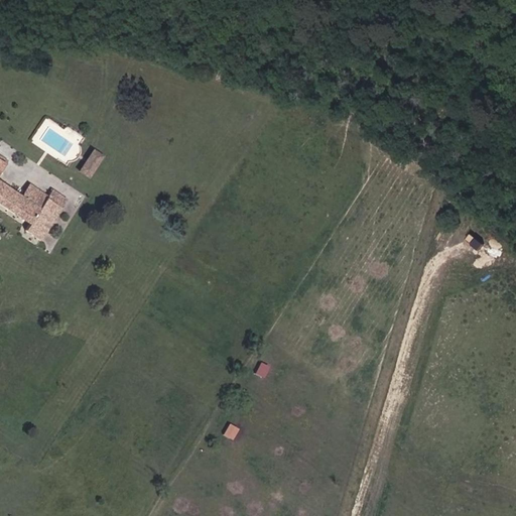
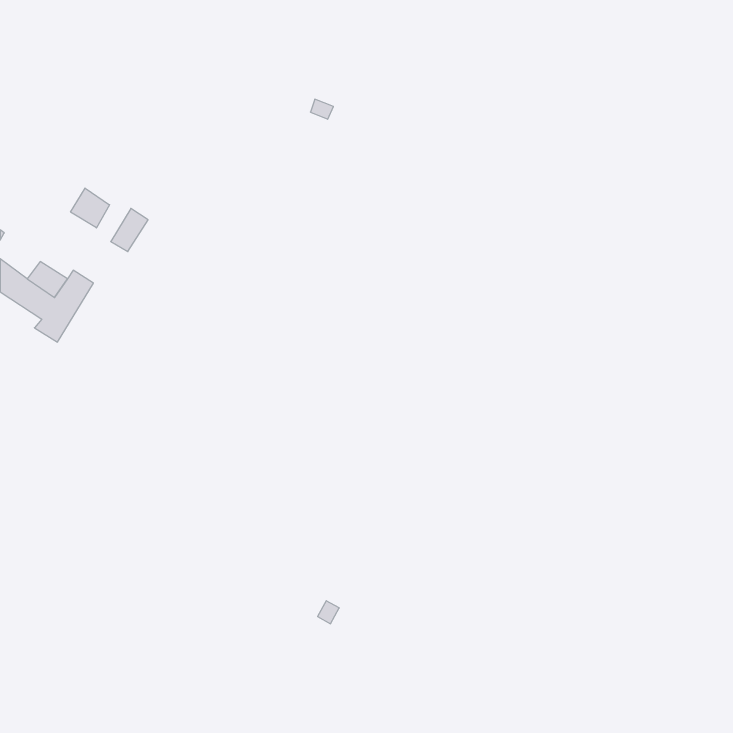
building: none -> [71,188,110,228]

